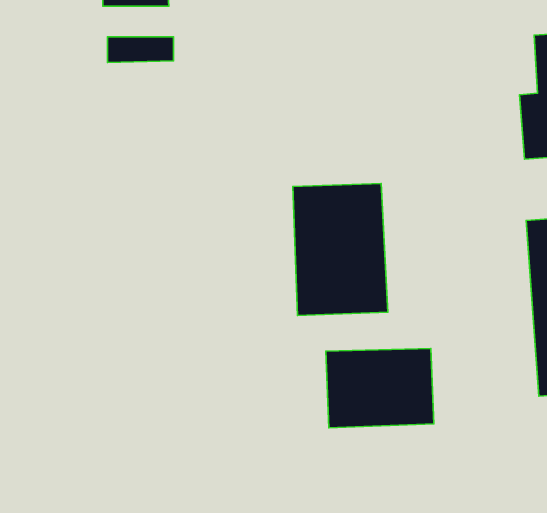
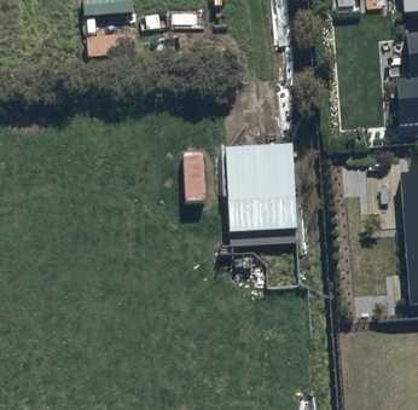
building: [326,349,434,428] -> none

